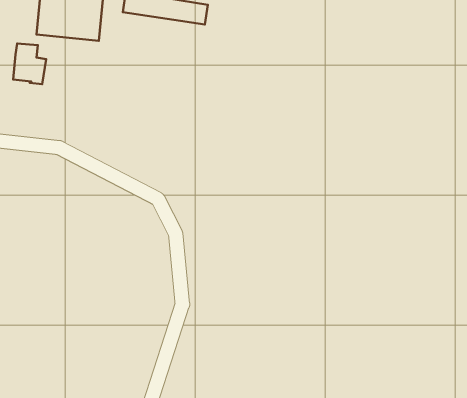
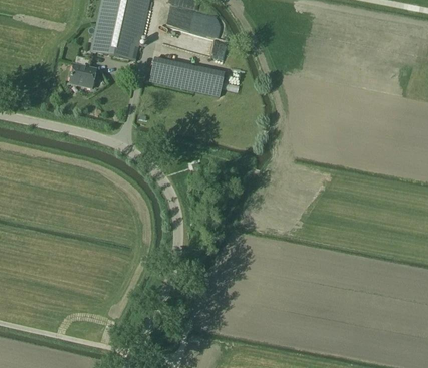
building: none -> [150,58,226,97]

